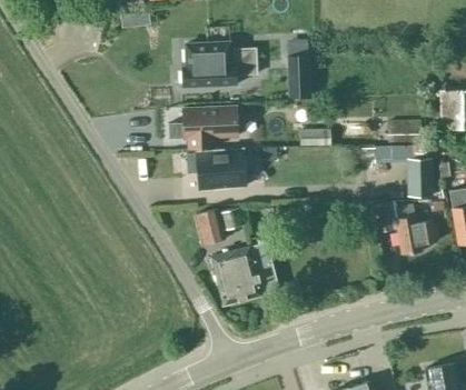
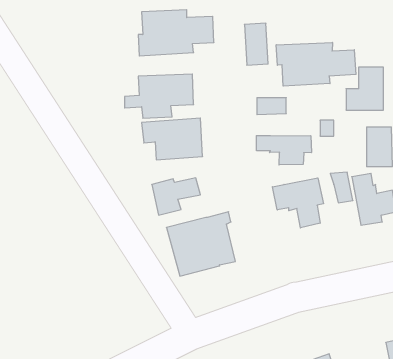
building: none -> [276,42,356,86]
building: none -> [256,136,311,165]
building: none -> [272,178,323,228]

